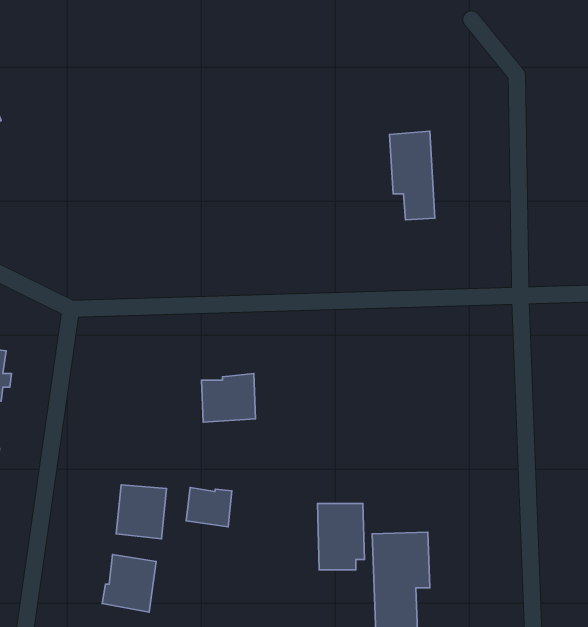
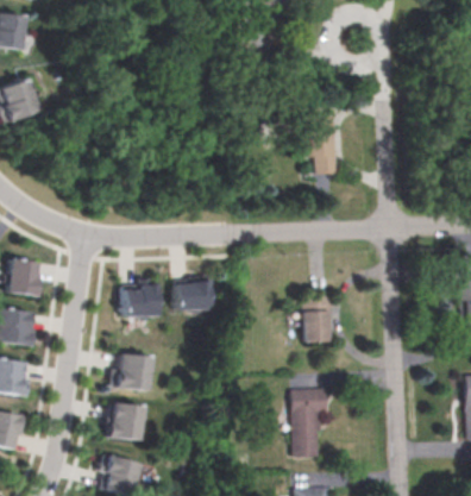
building: none -> [123,284,157,318]
building: [186,488,232,527] -> none
building: [317,504,364,570] -> [302,296,334,341]

